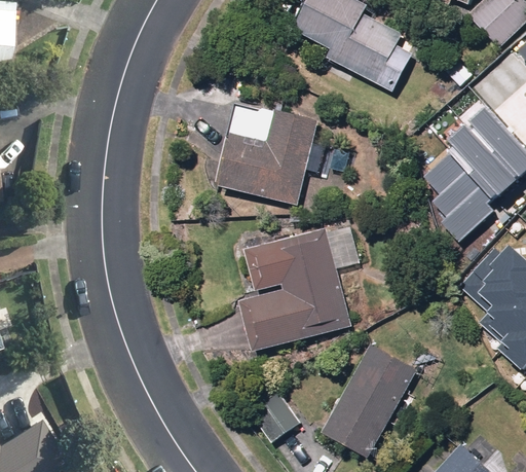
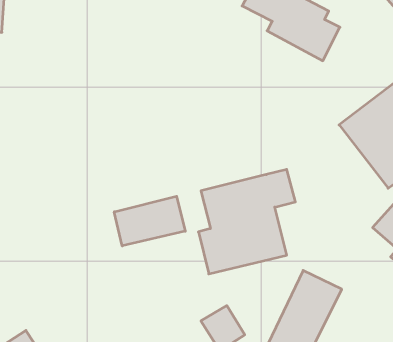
building: [217,111,349,197] -> none
building: none -> [114,196,185,246]

